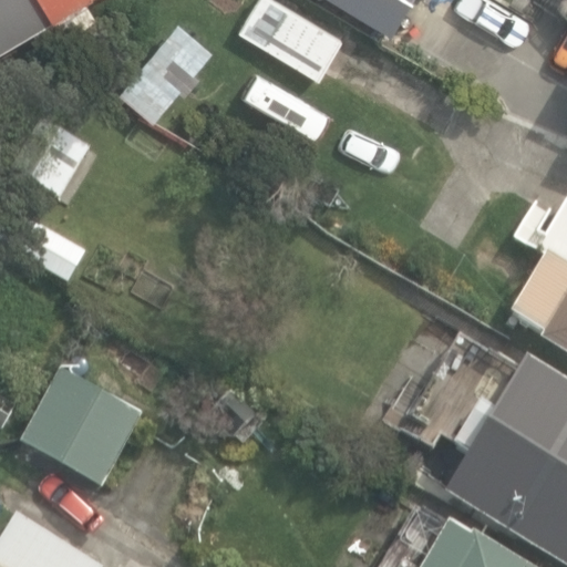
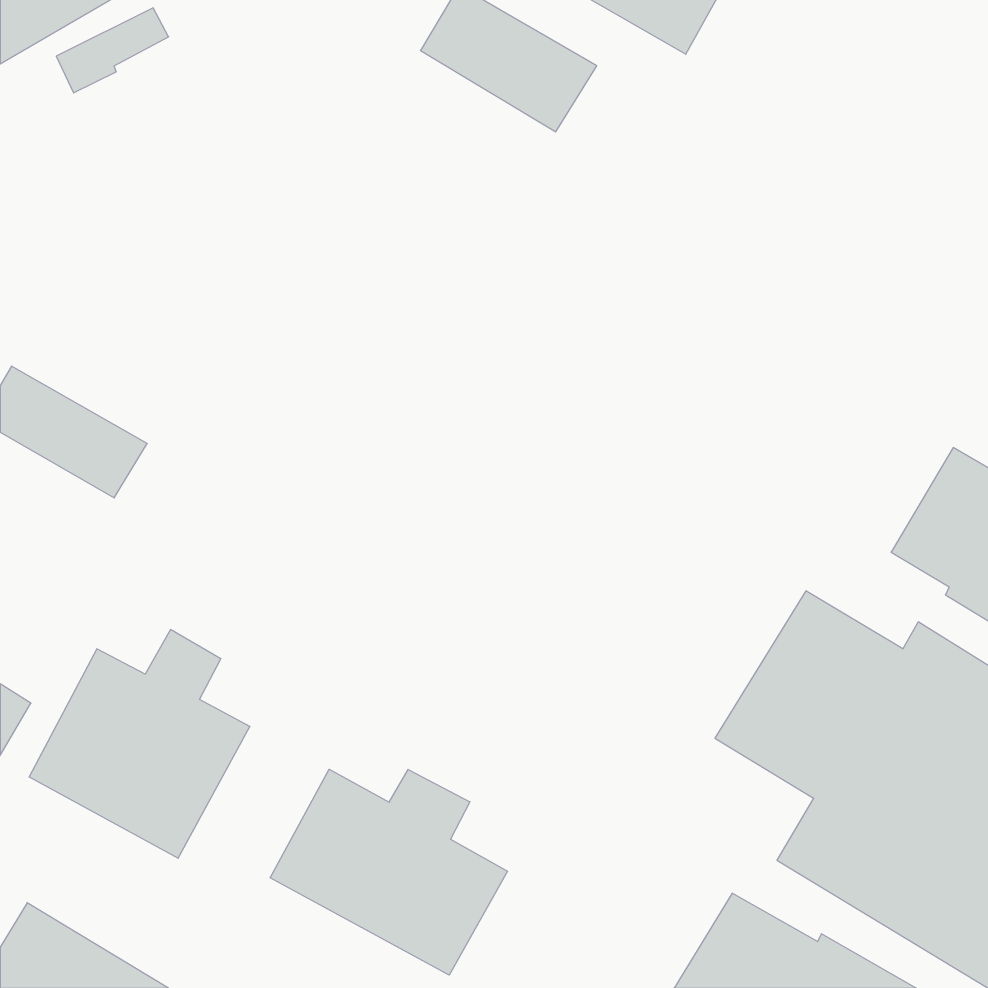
building: none -> [270,769,508,975]

